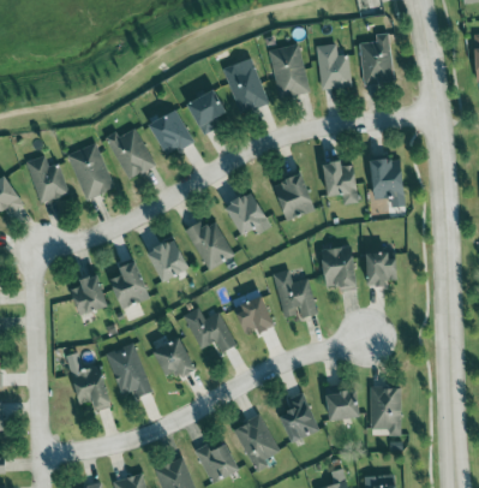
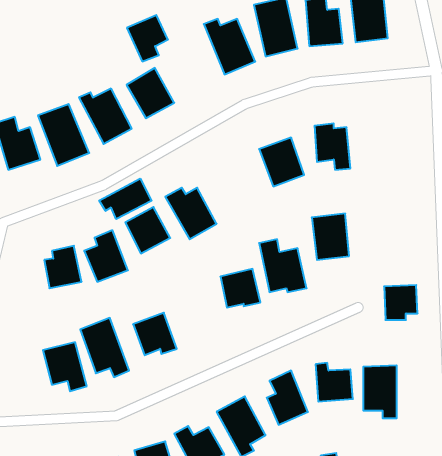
building: [187,90,226,133] -> [127,15,168,61]
building: [370,157,406,208] -> none
building: [227,192,270,236] -> none
building: none -> [99,179,152,219]
building: [366,254,397,286] -> [384,285,418,320]
building: [182,308,236,353] -> none

